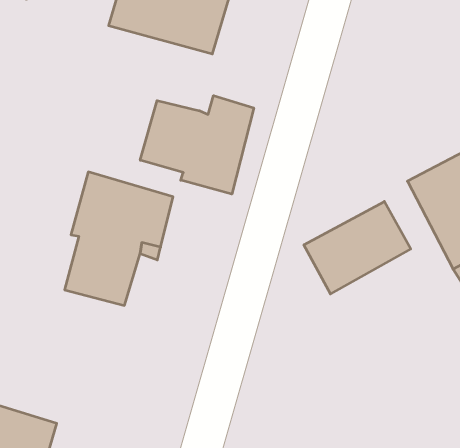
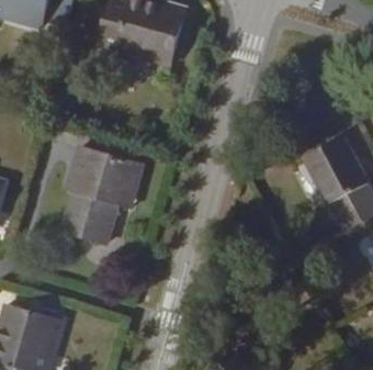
building: [140,96,254,194] -> none
building: [304,201,411,294] -> none

